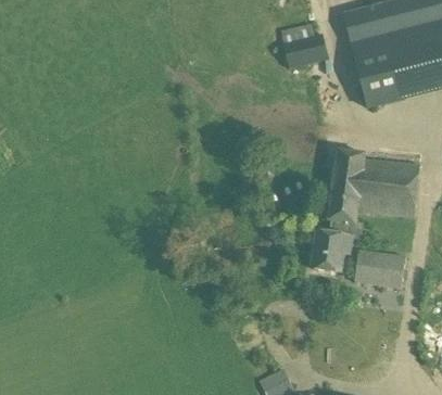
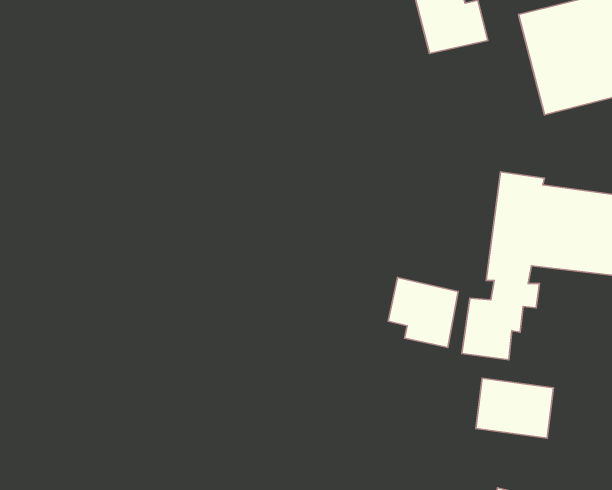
building: none -> [388,278,458,347]
building: [354,247,406,288] -> [476,378,553,438]

